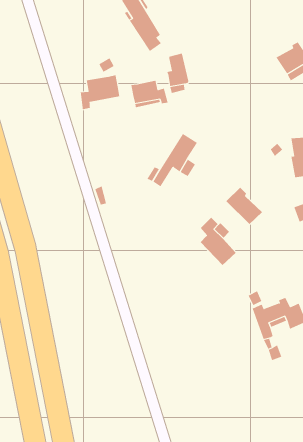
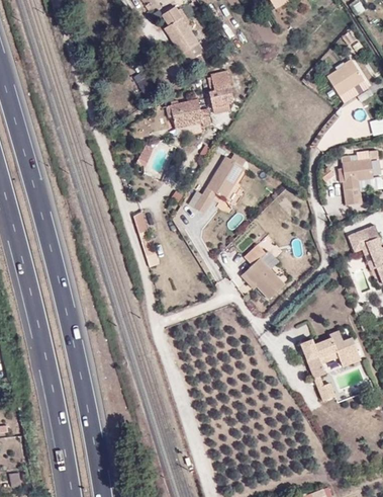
building: [80,74,120,110] -> none
building: [225,187,263,225] -> none

